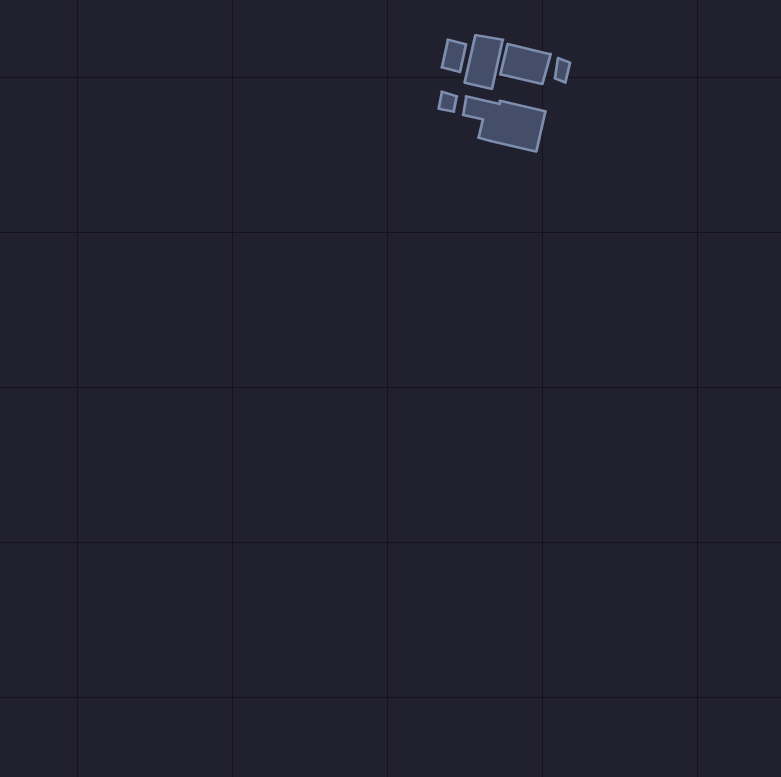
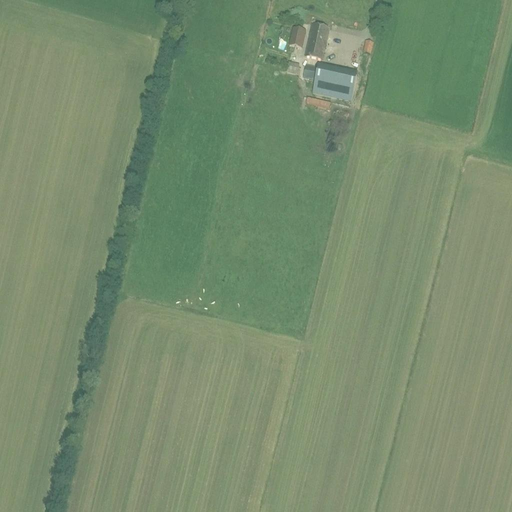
building: [501,44,551,84] -> none

